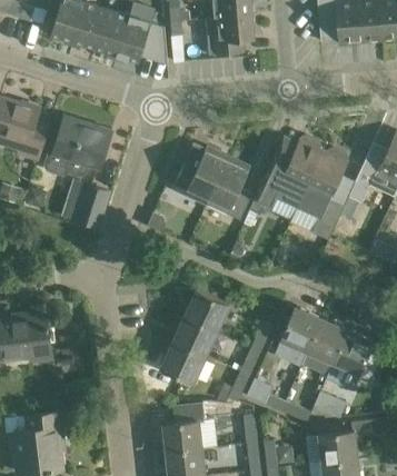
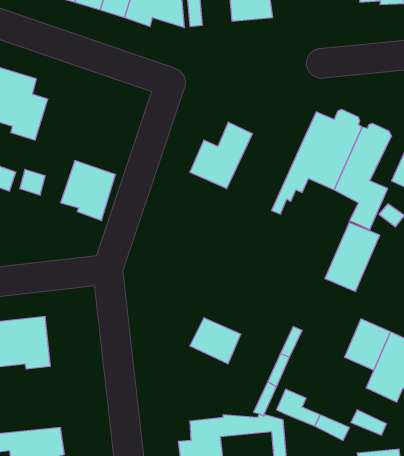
building: [42,117,111,177] -> none
building: [205,156,252,220] -> none
building: [185,289,229,330] -> none
building: [274,306,321,366] -> [325,222,380,291]
building: [160,340,206,381] -> none

